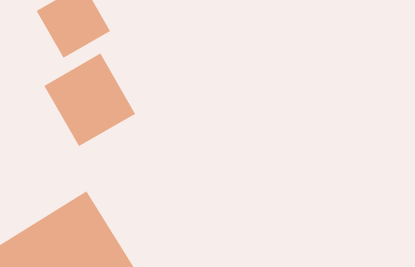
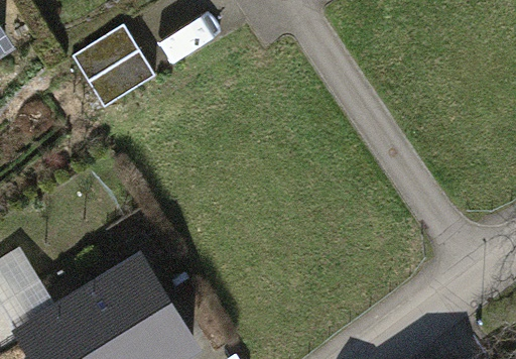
building: [43,53,136,147] -> none

